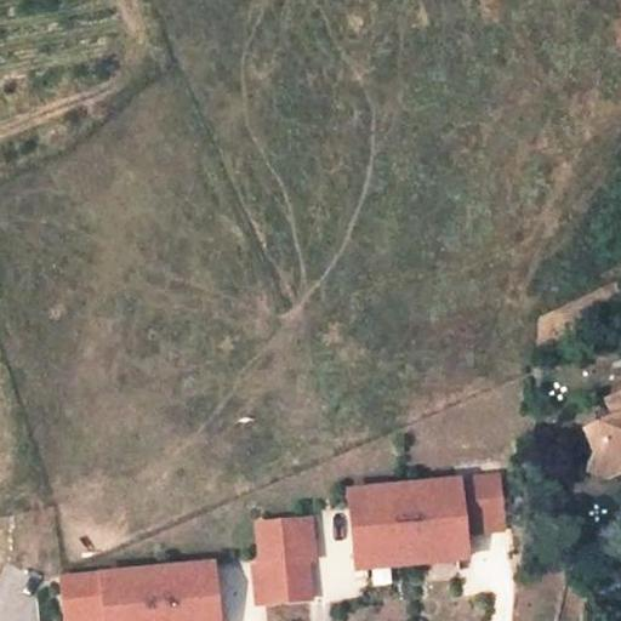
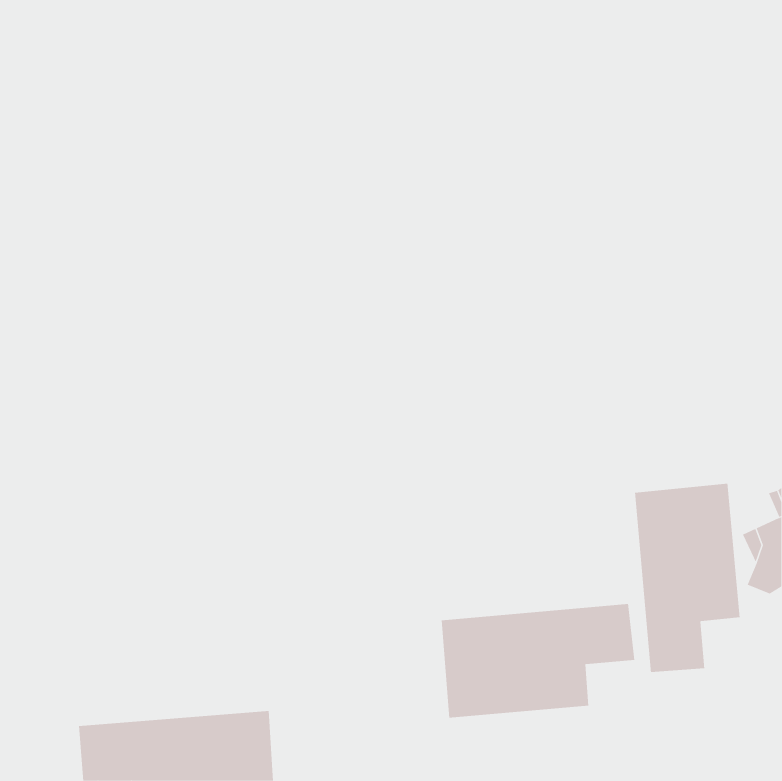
building: none -> [634,483,740,673]
building: [258,519,309,603] -> none

